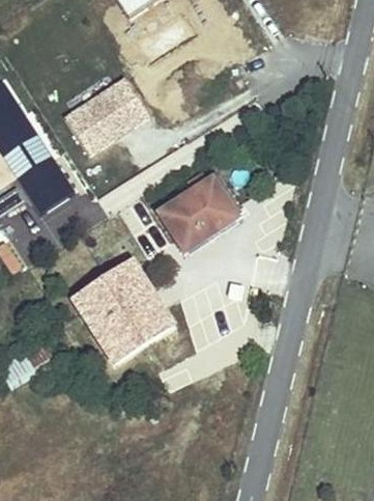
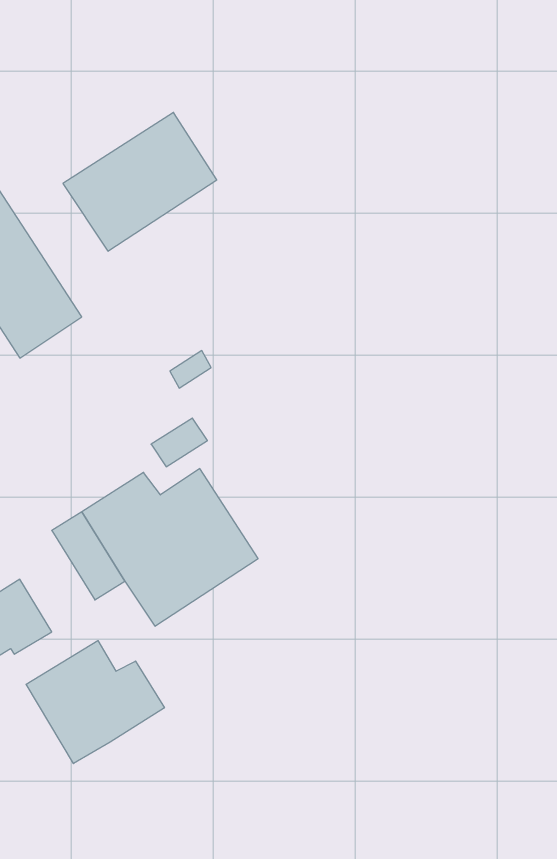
building: [161,177,238,250] -> none
building: none -> [26,641,164,764]

